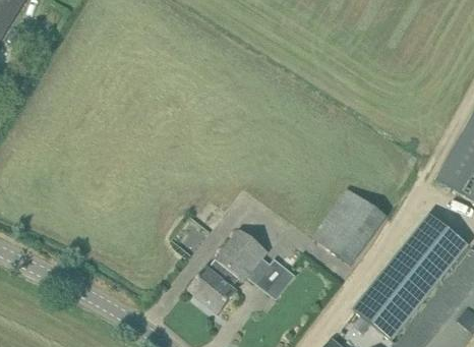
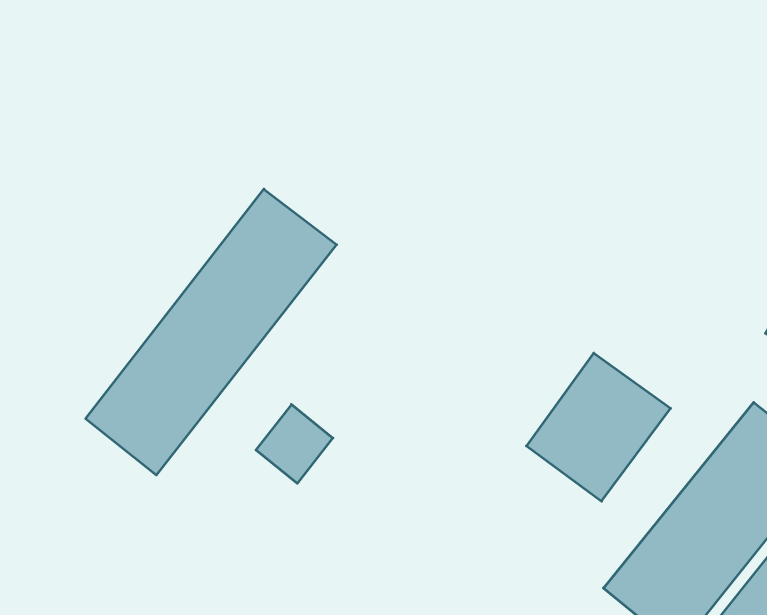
building: none -> [86,189,337,475]
building: [188,227,288,313] -> none

